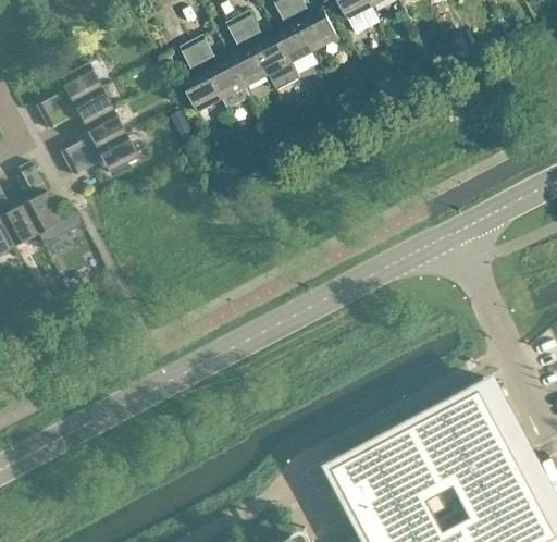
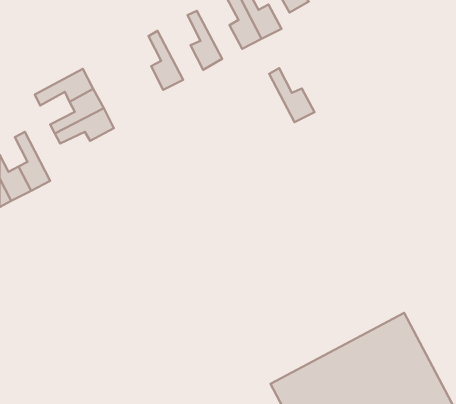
building: [238,11,293,75] -> [269,68,315,122]
building: [191,36,246,100] -> none
building: [38,64,102,118] -> none

